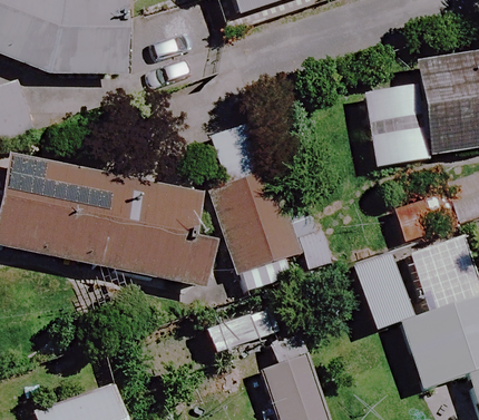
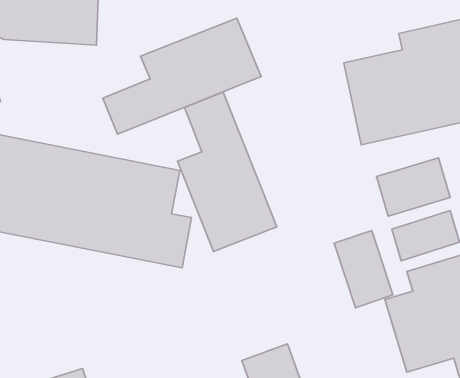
building: none -> [103,18,261,134]

